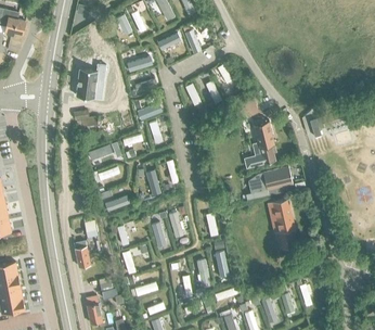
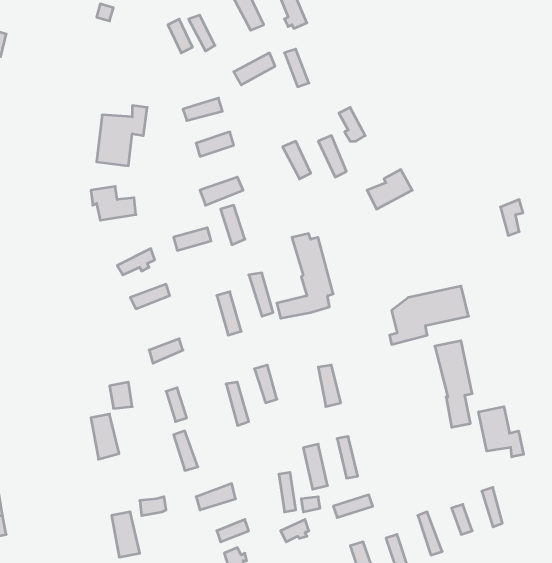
building: [244,118,276,167] -> [277,234,333,318]
building: none -> [479,407,524,457]

